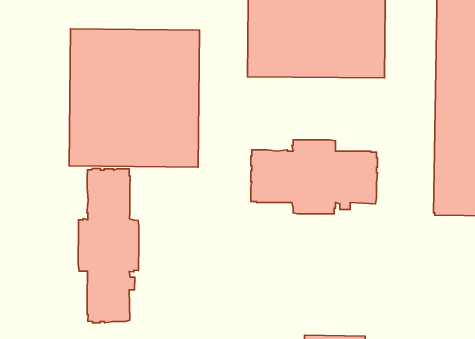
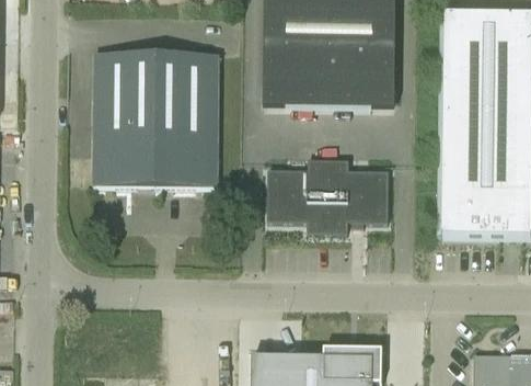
building: [78,169,139,323] -> none

